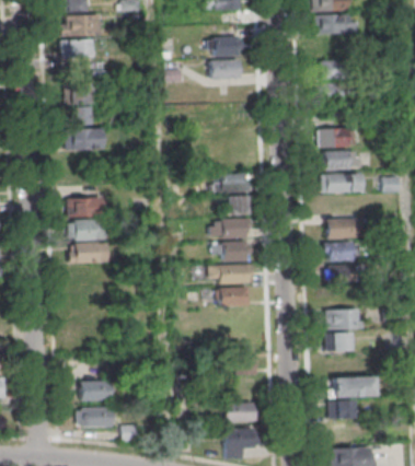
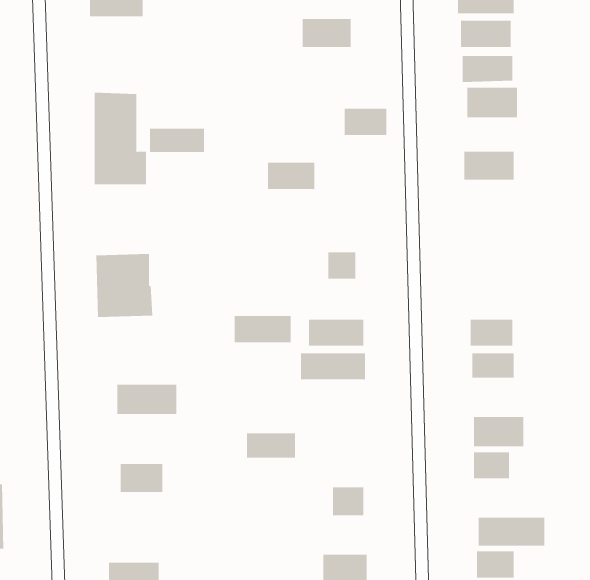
building: [61,40,91,57] -> none
building: [211,60,241,79] -> [344,108,387,136]
building: none -> [150,128,205,153]
building: [321,151,359,168] -> none
building: [215,174,247,193] -> [267,162,315,189]
building: [322,174,361,193] -> none
building: [211,219,251,237] -> [234,316,291,343]
building: [326,219,357,238] -> none
building: [68,243,109,264] -> [116,384,177,415]
building: [216,288,250,305] -> [246,433,296,458]
building: [80,381,109,400] -> [120,464,163,492]

